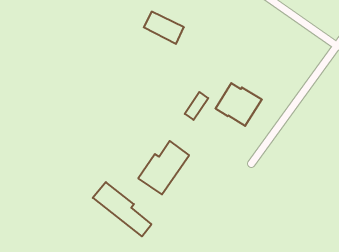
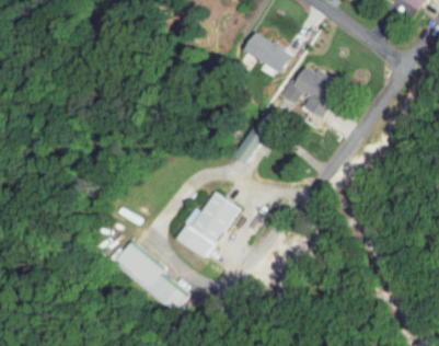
building: [144,12,184,44] -> [242,32,292,72]
building: [215,83,262,126] -> [284,65,342,118]

